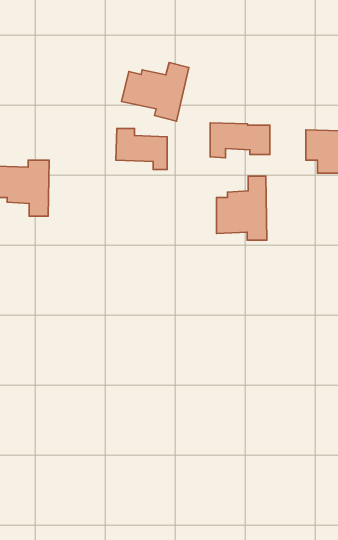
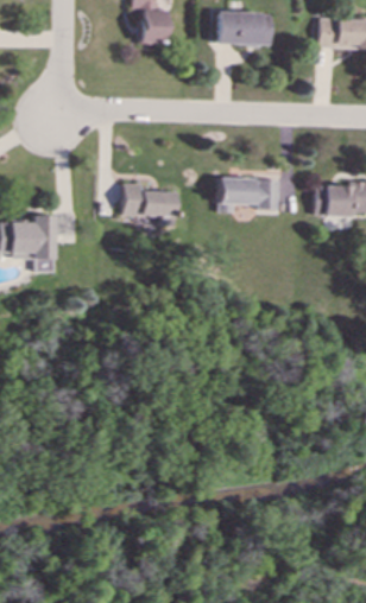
building: [121,62,189,121] -> none
building: [217,176,267,240] -> none

